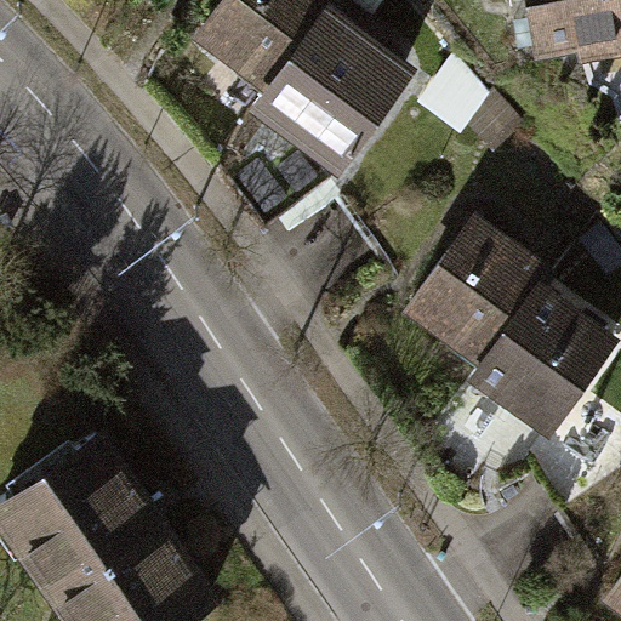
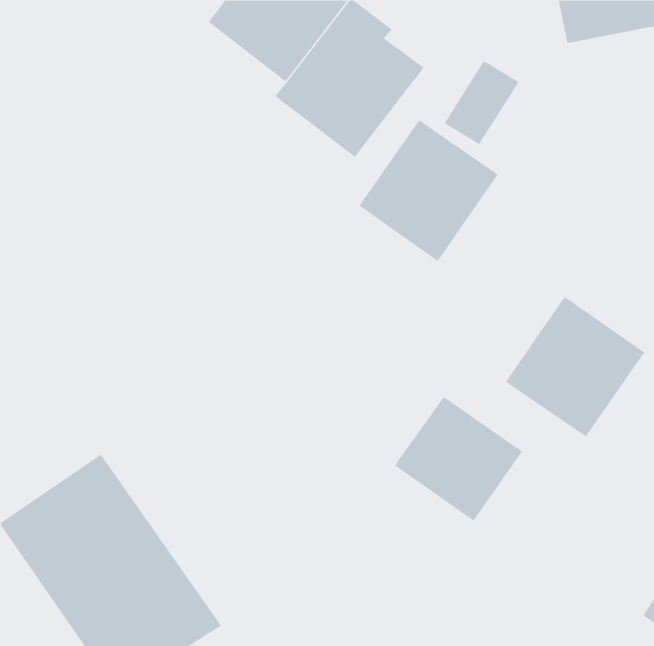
building: [411,224,543,359] -> [359,119,498,262]
building: none -> [394,396,523,522]

